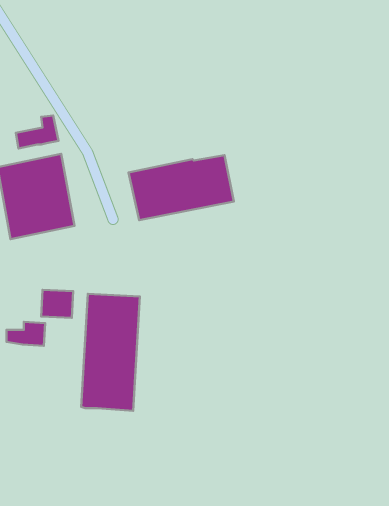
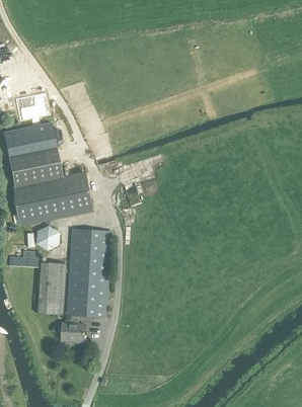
building: [129,155,234,220] -> [12,174,92,224]
building: none -> [36,262,65,315]
building: none -> [60,316,84,341]

